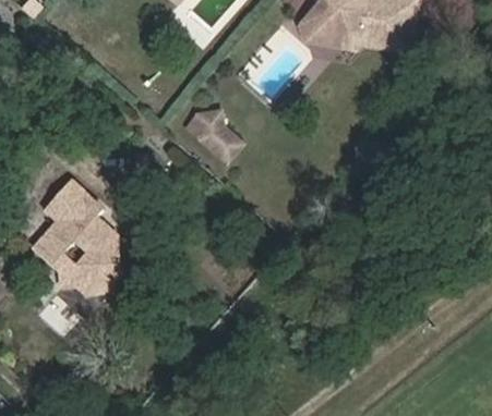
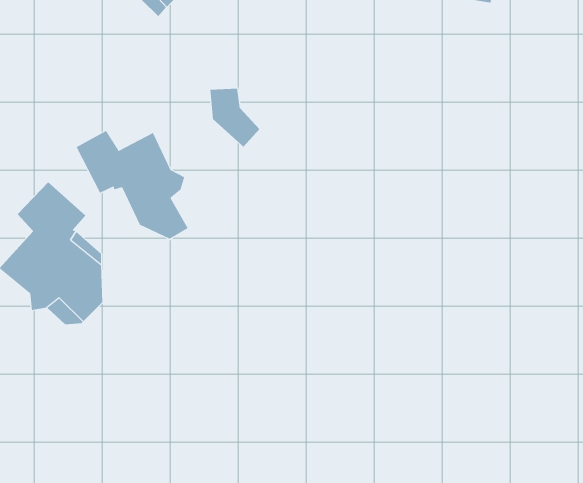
building: none -> [76,130,189,240]

